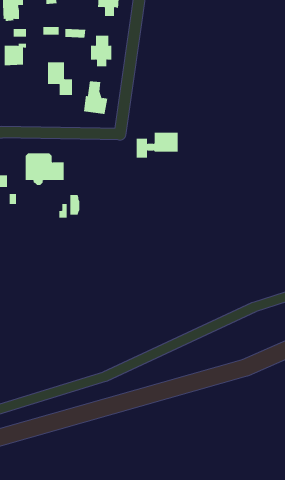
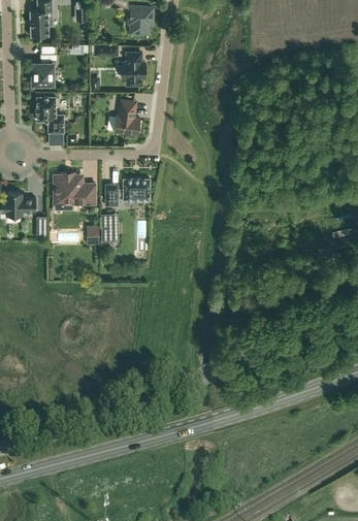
building: [47,62,73,96] -> [36,97,63,132]
building: [136,132,178,158] -> [105,178,150,205]

